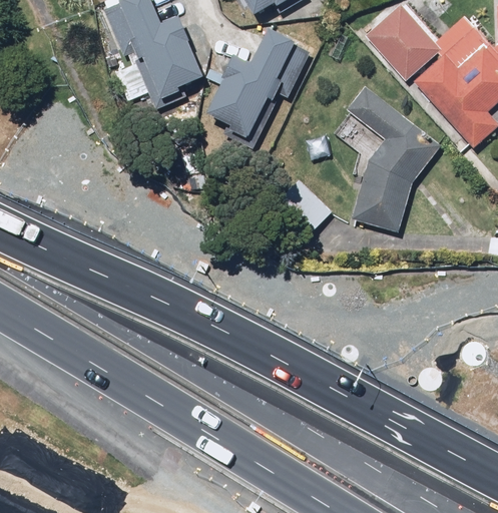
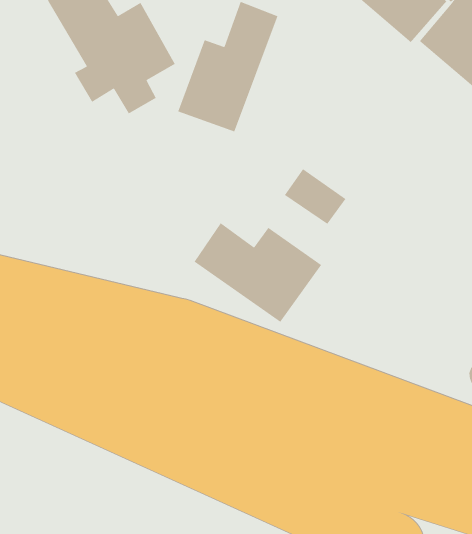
building: [335,89,442,234] -> none
building: none -> [193,222,322,323]

